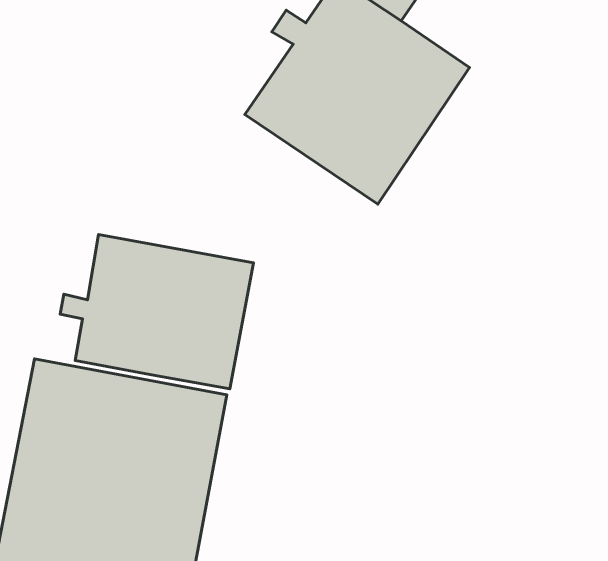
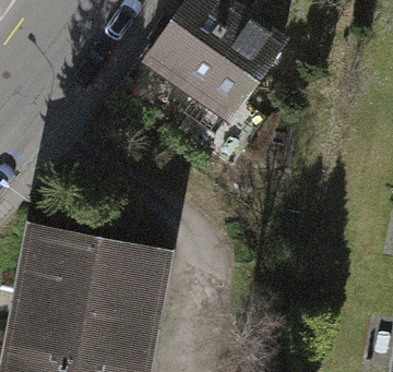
building: [60,234,253,389] -> none

